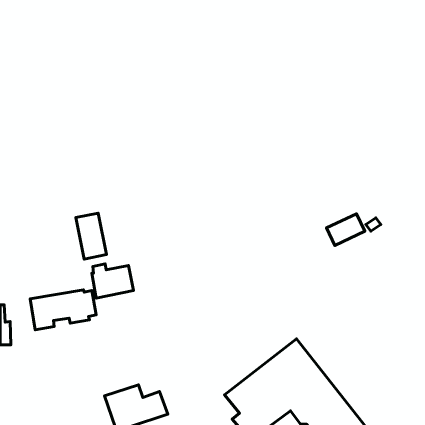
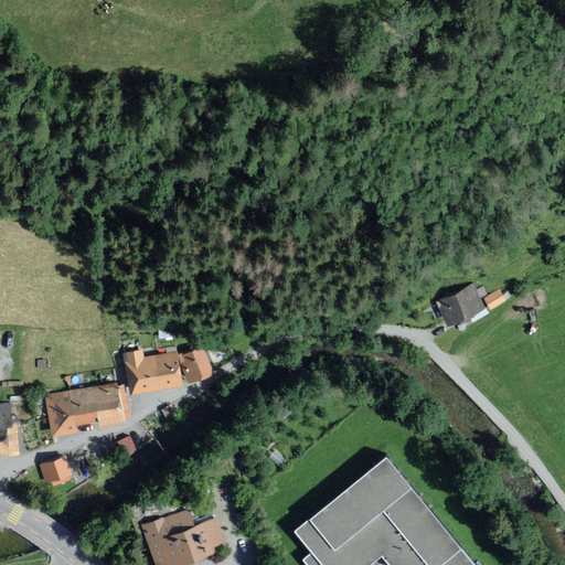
building: [76,213,107,259] -> none
building: none -> [179,348,211,382]
building: none -> [39,458,73,490]

